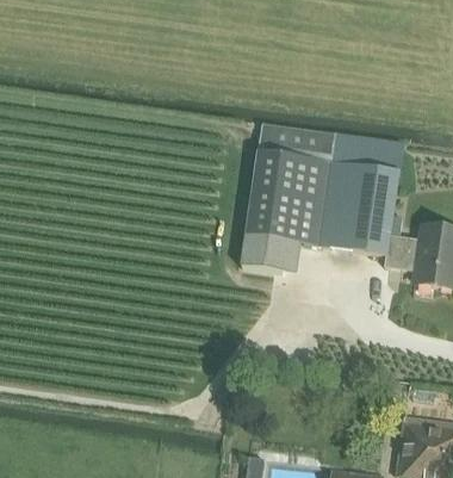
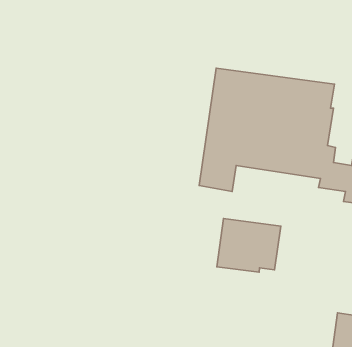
building: none -> [217,219,281,272]

